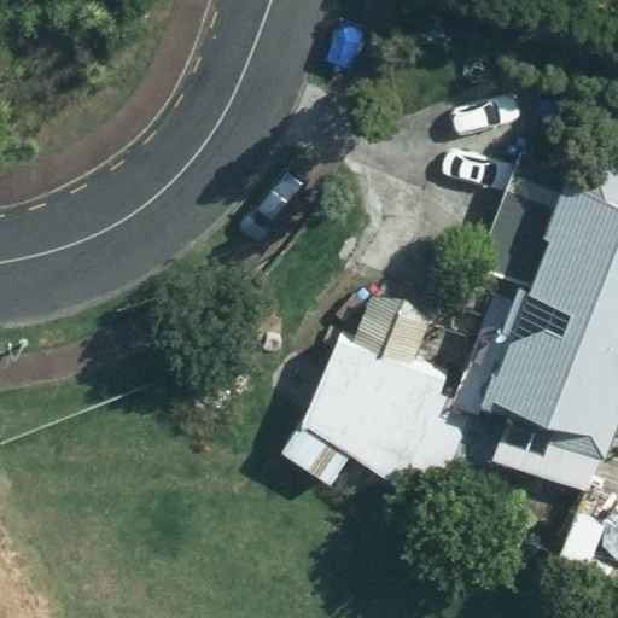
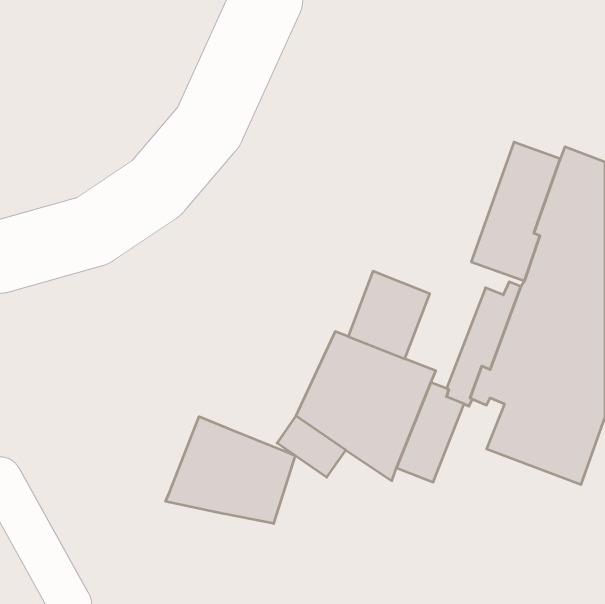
building: none -> [166,417,295,524]

